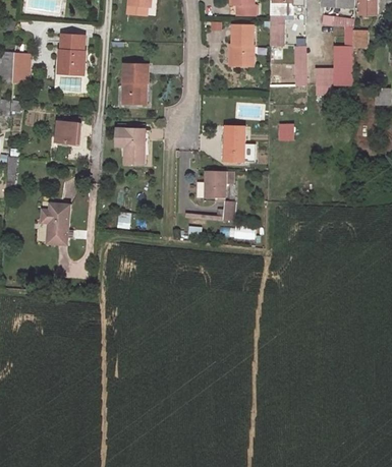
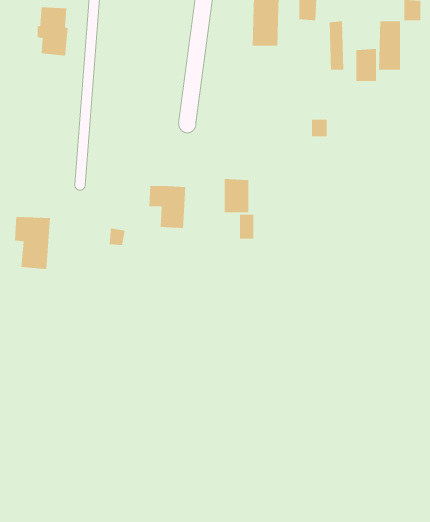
building: [123,64,149,105] -> none
building: [56,121,77,143] -> none
building: [226,127,246,162] -> none
building: [114,129,145,164] -> [148,185,186,228]

